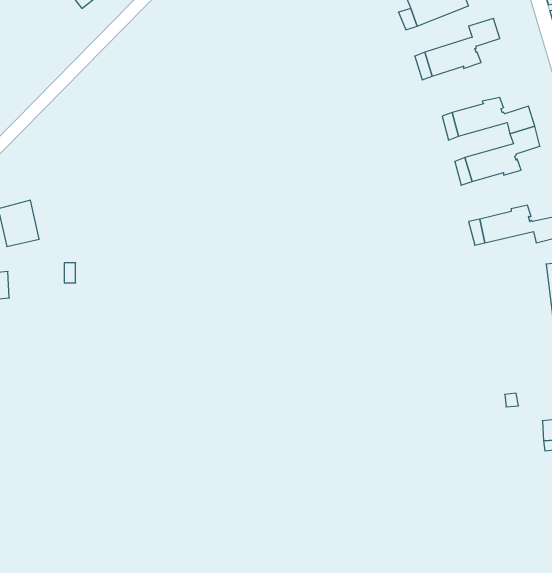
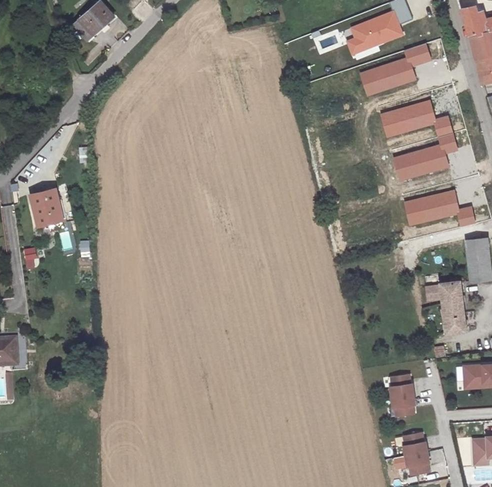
building: none -> [426,281,465,333]
building: none -> [385,380,411,422]
building: none -> [397,439,424,481]

